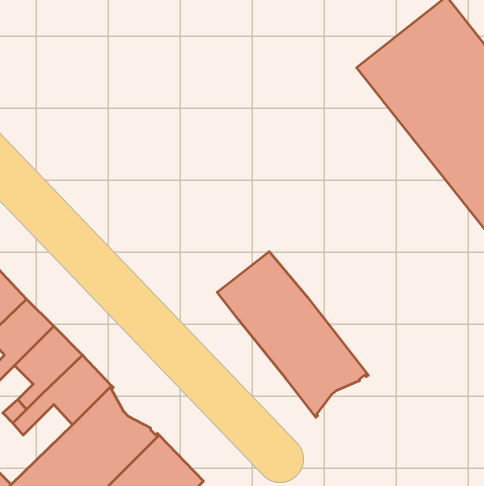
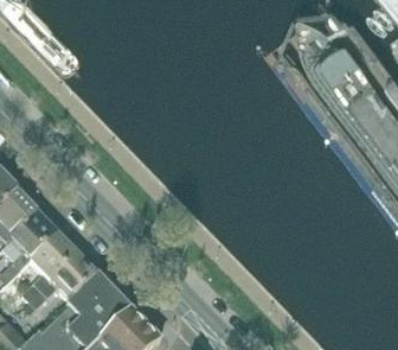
building: [217,252,368,417] -> none

